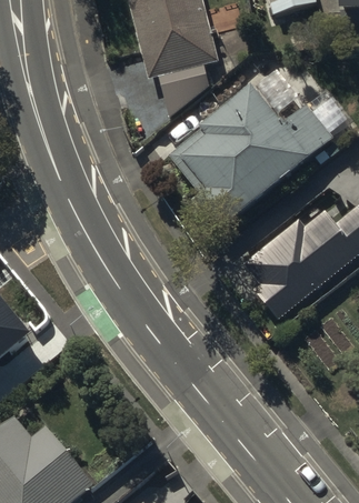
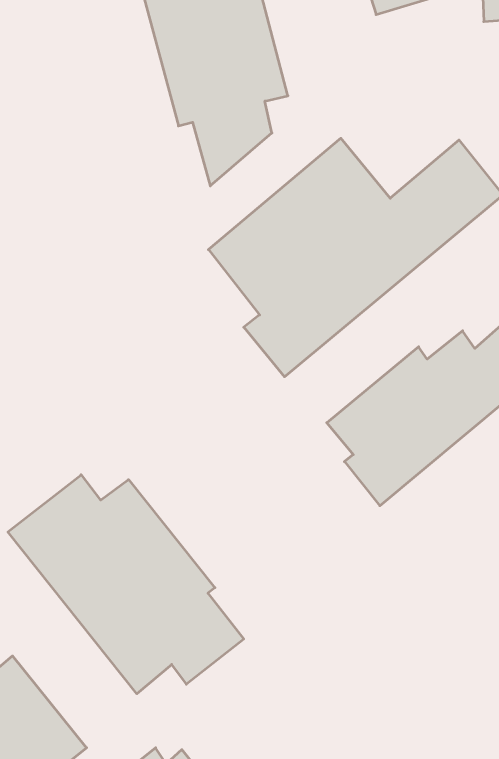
building: none -> [8,475,244,694]

